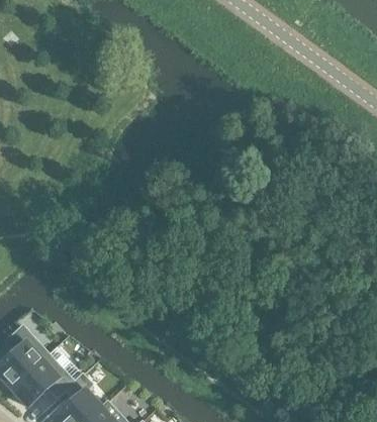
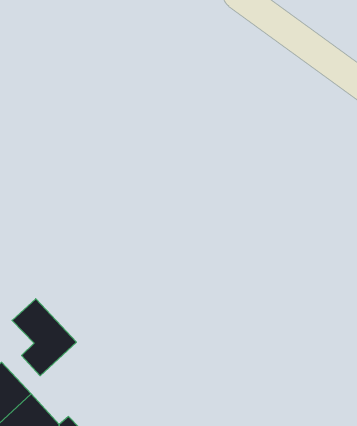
building: none -> [12,299,76,376]

